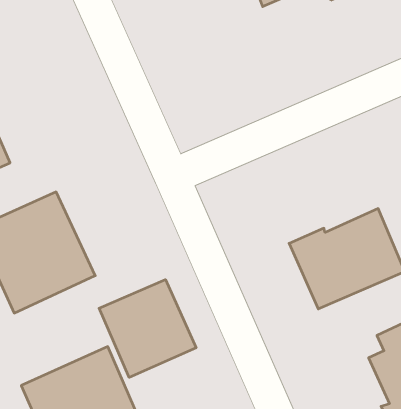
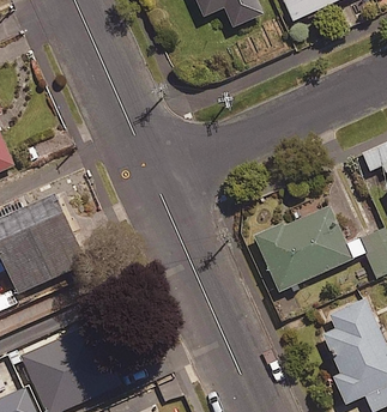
building: [99,280,196,377] -> none

